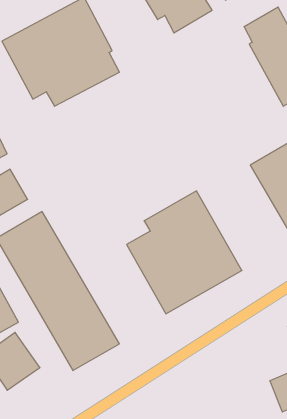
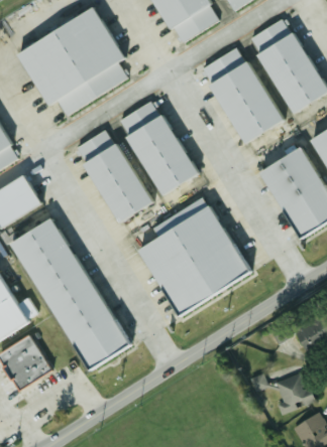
building: none -> [204,46,283,144]
building: none -> [121,100,197,196]
building: none -> [77,127,153,222]

